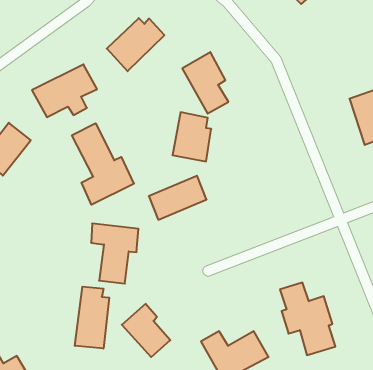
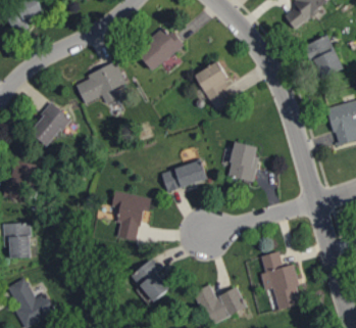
building: none -> [305,35,343,79]
building: [172,112,211,161] -> [226,141,259,182]
building: [72,123,134,205] -> none
building: [75,287,109,349] -> none

